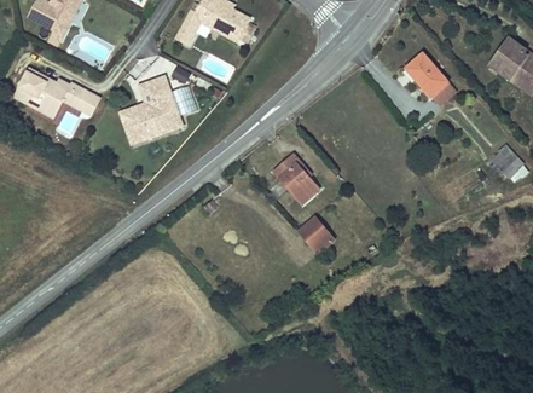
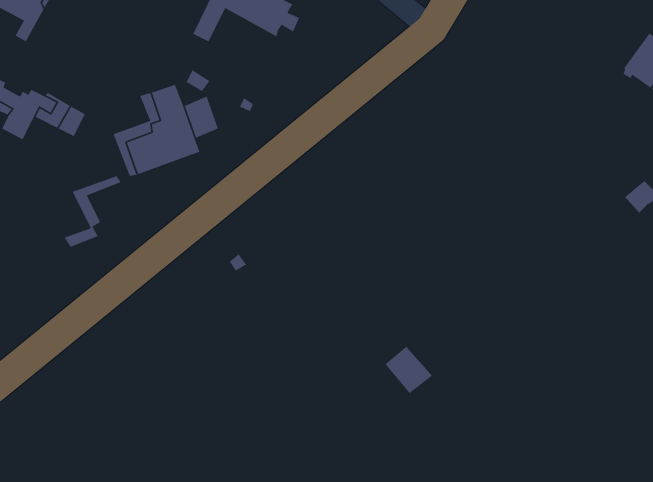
building: [406,52,447,94] -> none
building: none -> [63,175,122,248]
building: [273,154,318,202] -> none
building: [299,216,334,252] -> [385,346,433,394]

